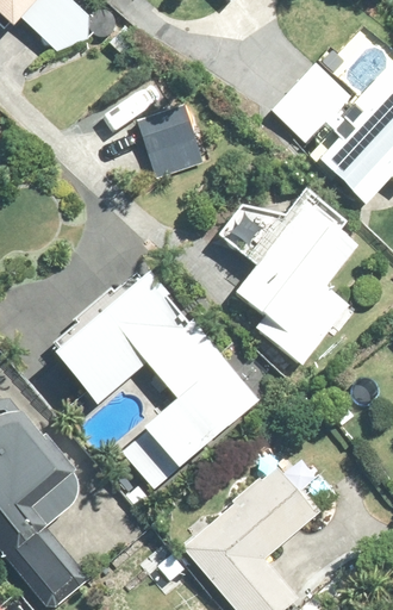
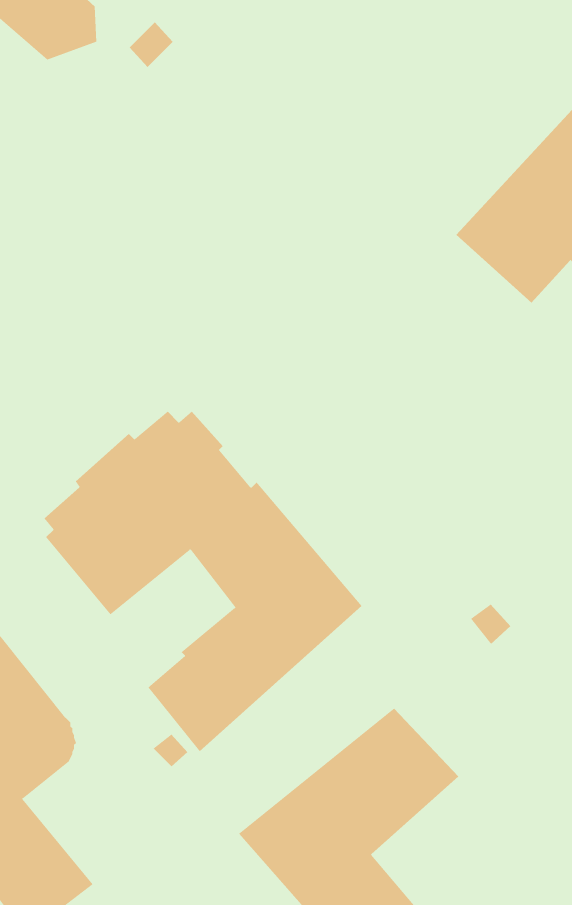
building: [269,61,349,142] -> none
building: [135,99,202,175] -> none
building: [217,187,358,366] -> none

